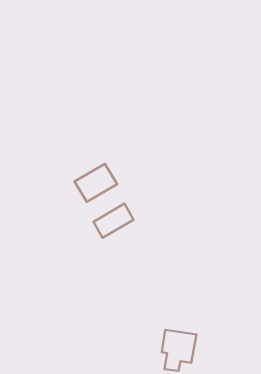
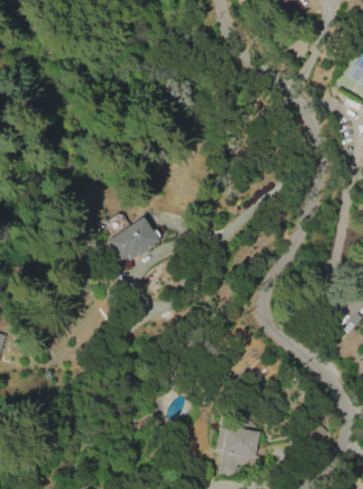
building: [93,204,133,238] -> none

